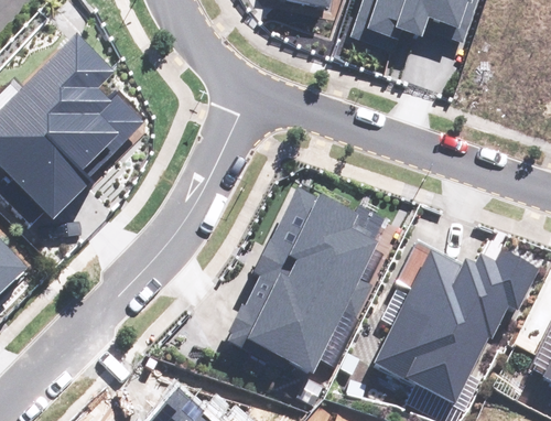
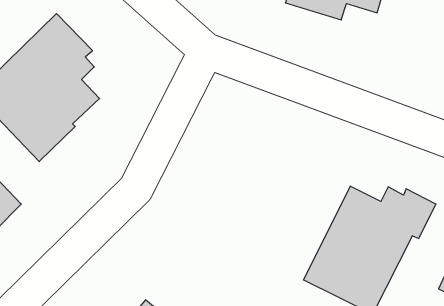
building: [230,181,385,375] -> none

